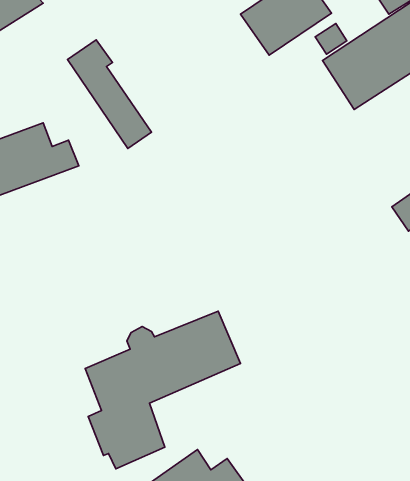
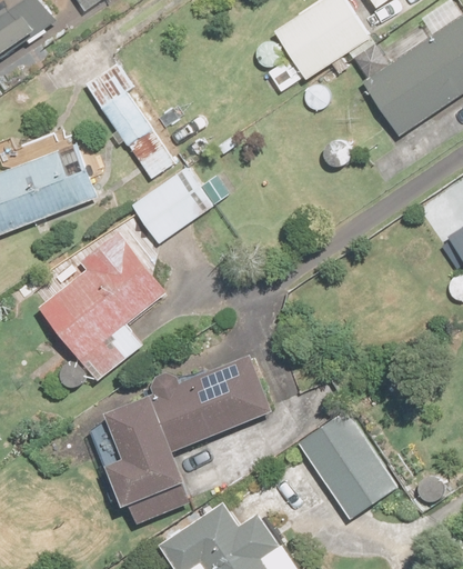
building: none -> [128,161,217,244]
building: none -> [38,230,168,380]
building: none -> [294,409,400,525]

